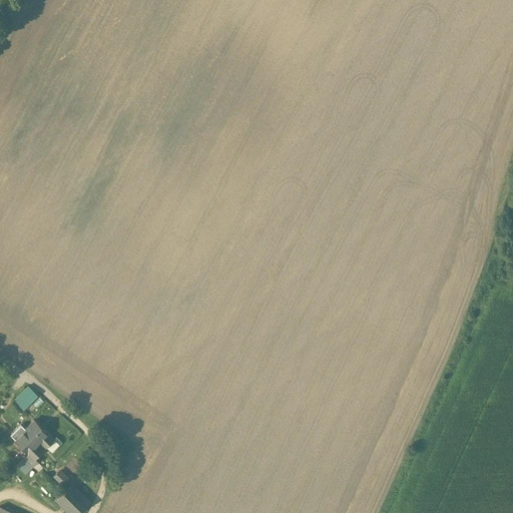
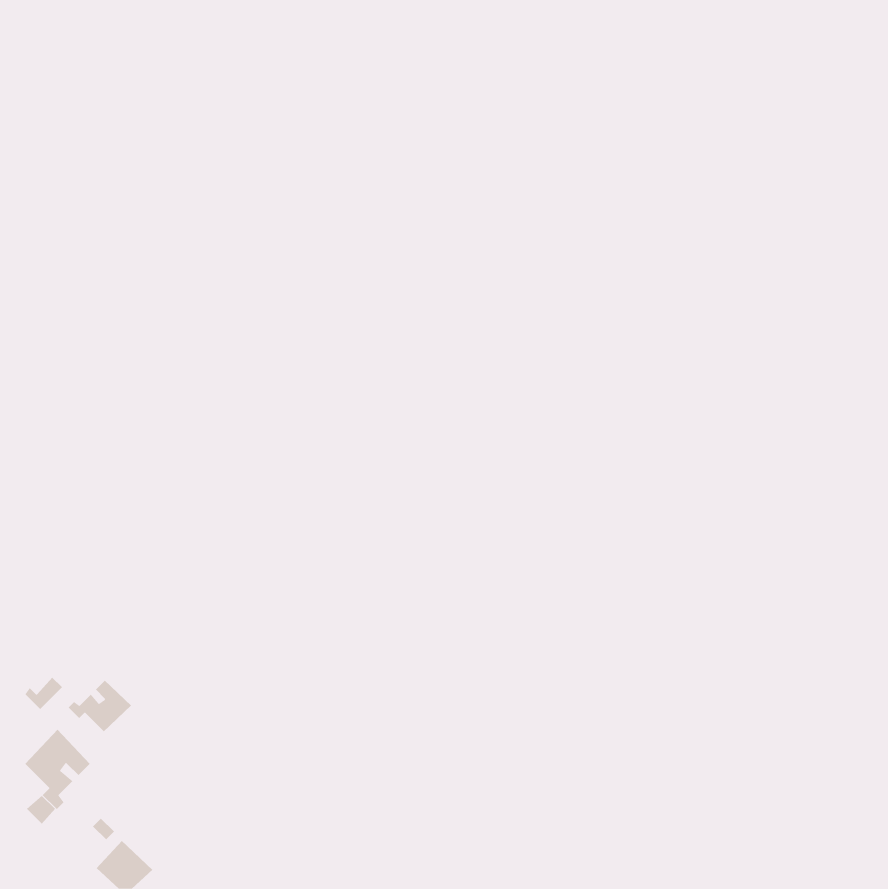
building: none -> [67,680,132,732]

